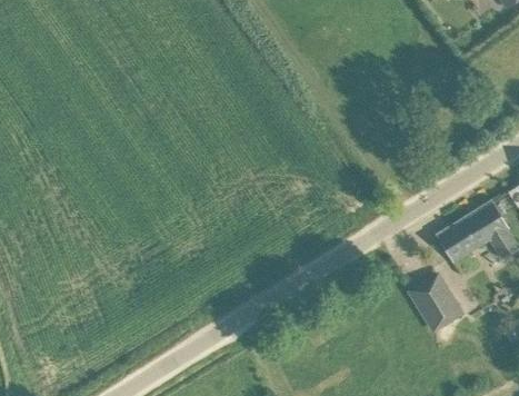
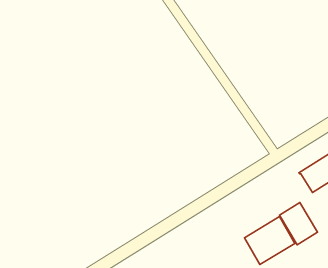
building: none -> [245,217,295,264]

